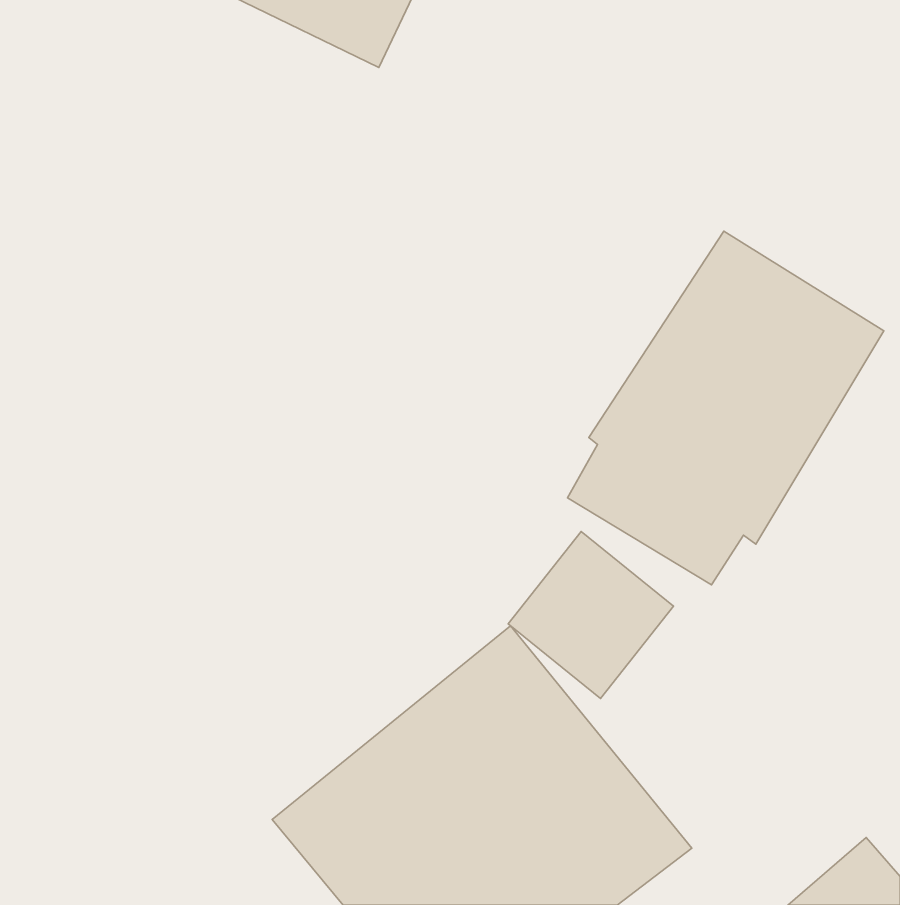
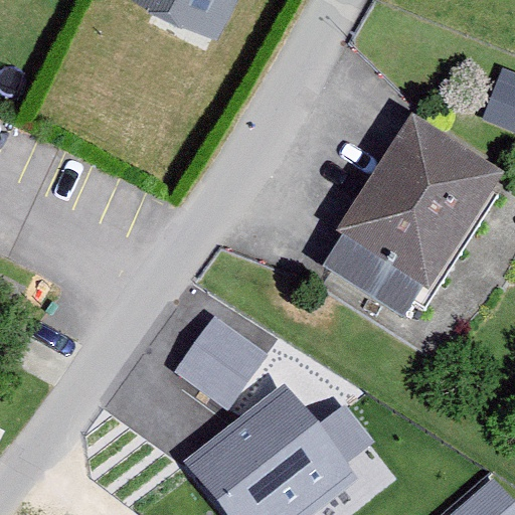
building: [508,531,674,699] -> [171,311,265,405]

